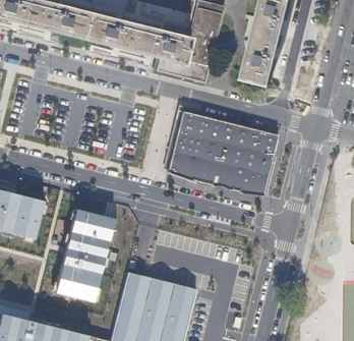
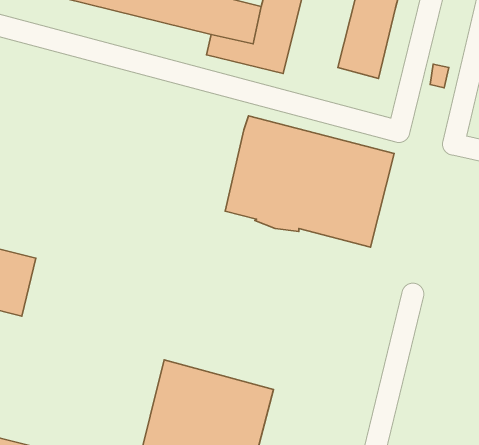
building: [56,209,116,303] -> none

